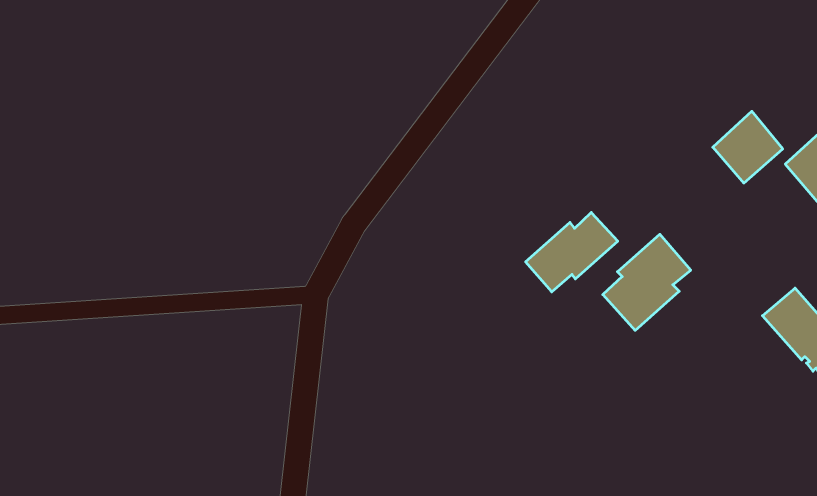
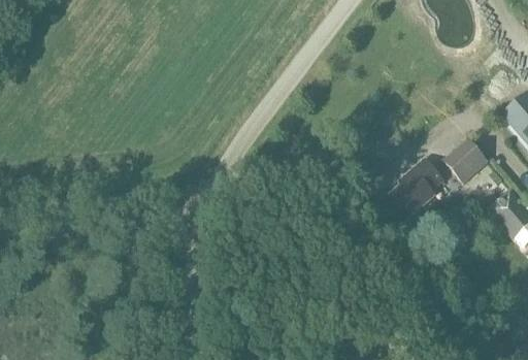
building: [713,111,783,183] -> [443,137,488,183]
building: [526,212,618,292] -> none

